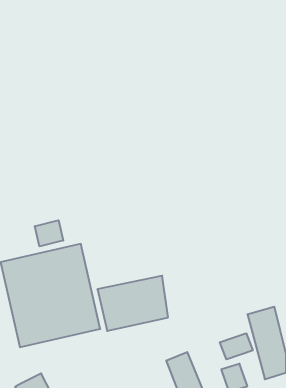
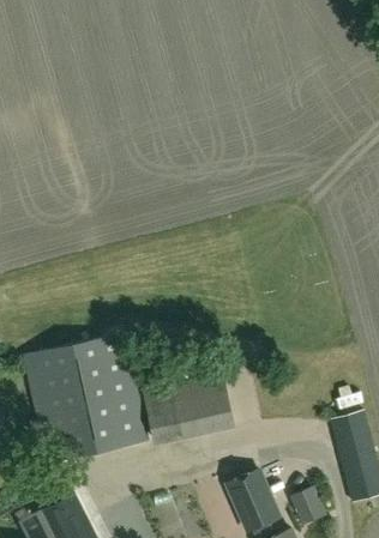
building: [35,220,63,246] -> none
building: [220,333,253,359] -> none

